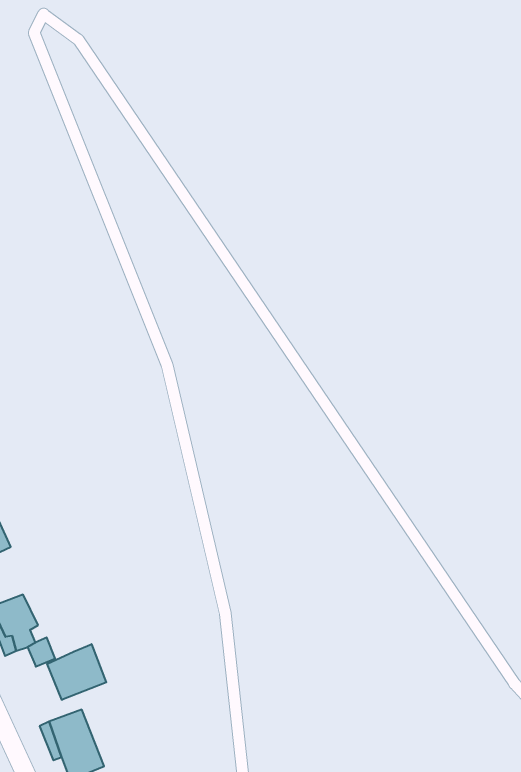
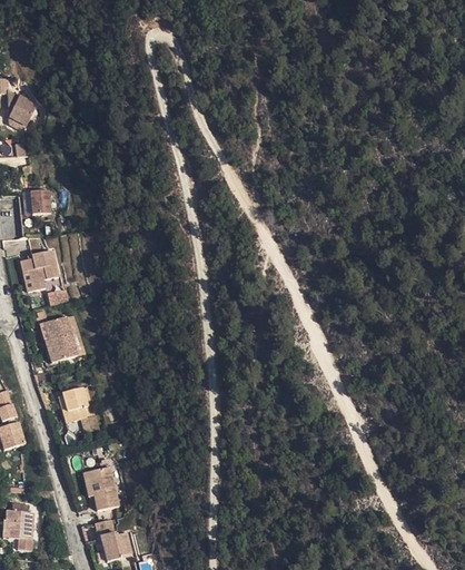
building: [47,644,106,700] -> none

